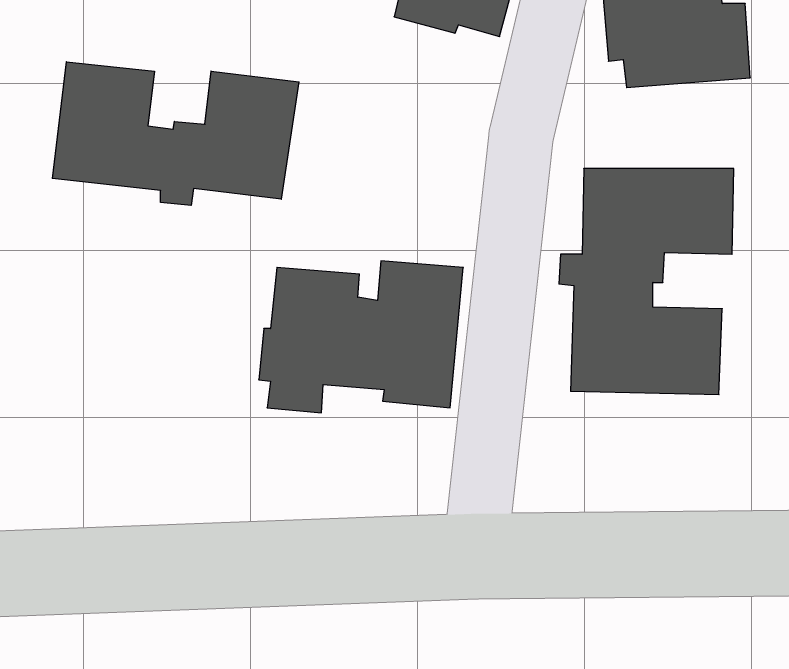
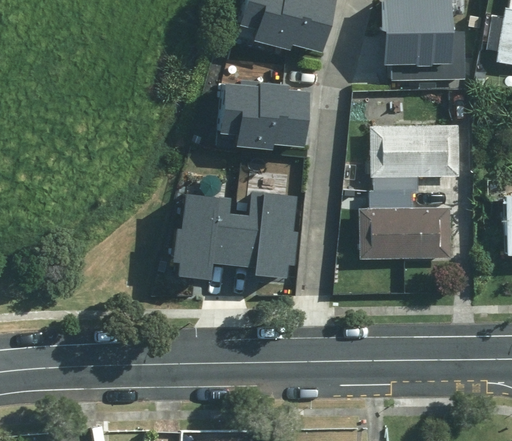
building: [52,62,299,205] -> none
building: none -> [218,79,309,147]

